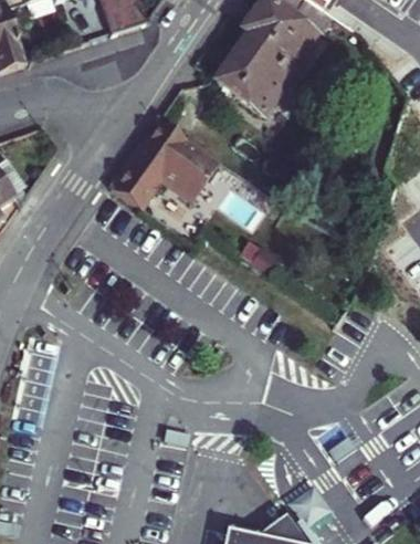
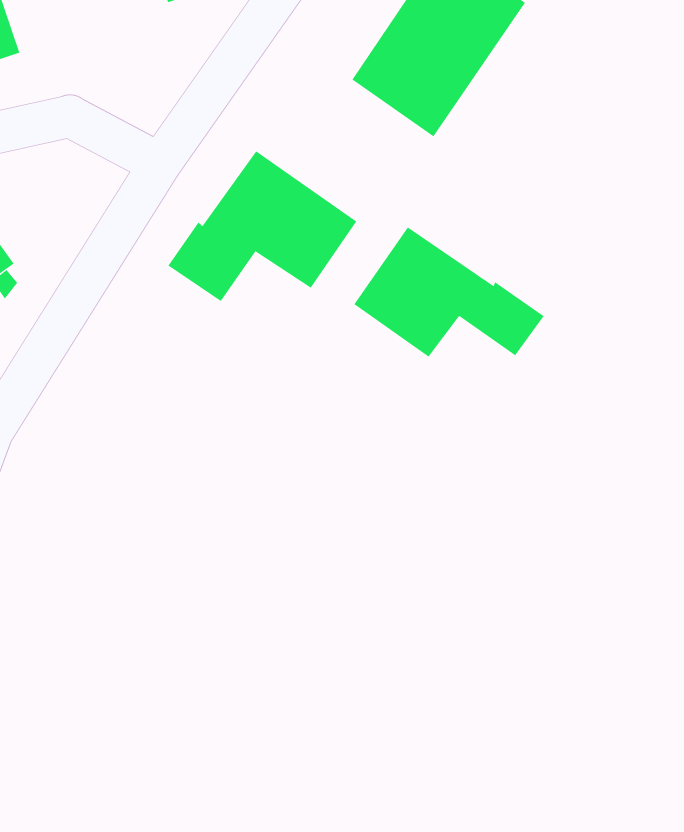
building: none -> [353,227,544,357]

